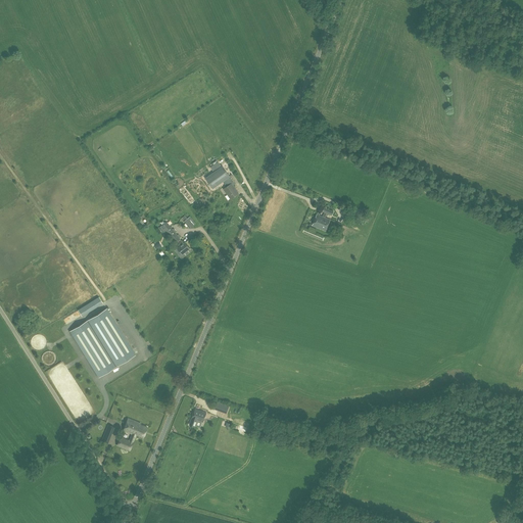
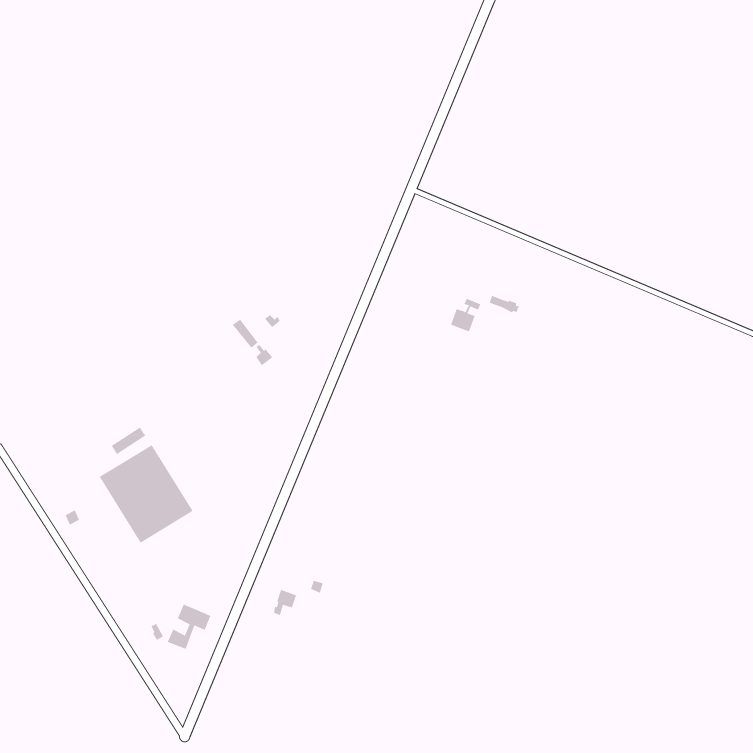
building: [204,164,238,198] -> none

